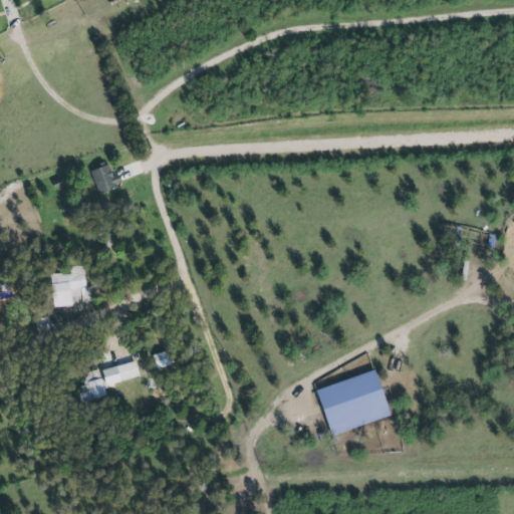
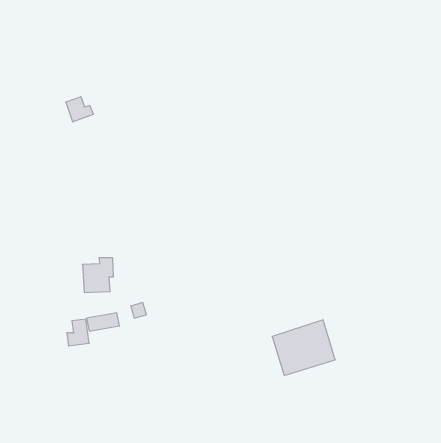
building: [91,165,123,194] -> [66,97,93,122]
building: [51,266,87,306] -> [82,258,114,292]

